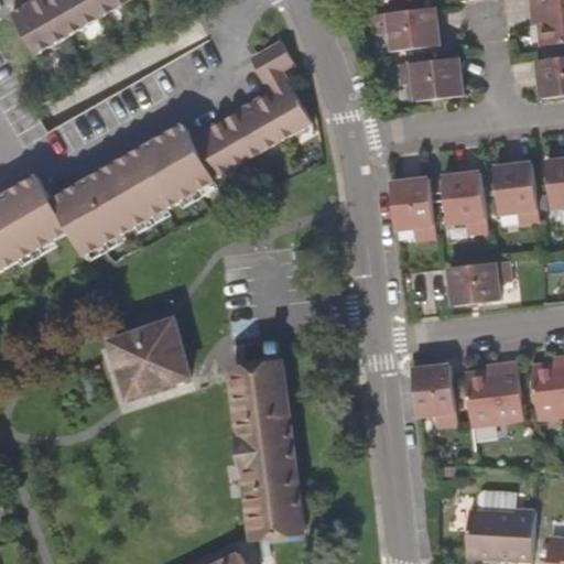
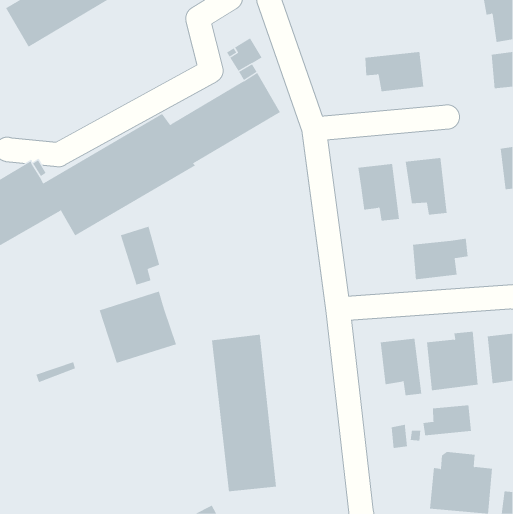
building: [375,7,440,50] -> none
building: [494,163,539,226] -> none
building: none -> [120,226,160,286]
building: none -> [423,404,471,436]

